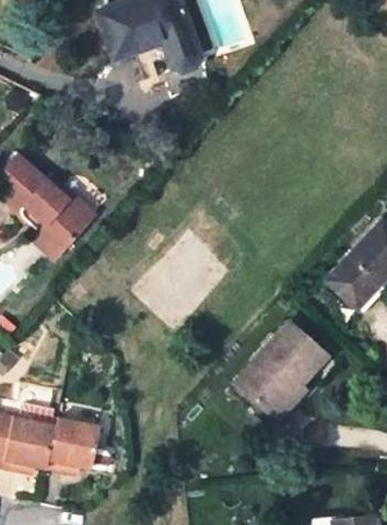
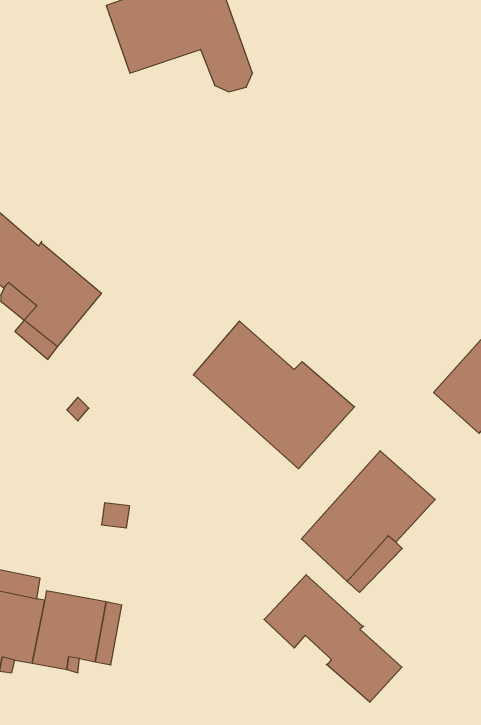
building: none -> [193,321,355,469]
building: none -> [264,575,402,702]

